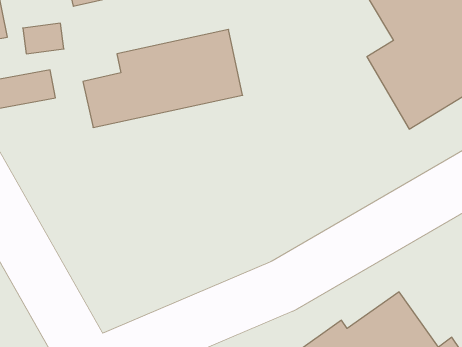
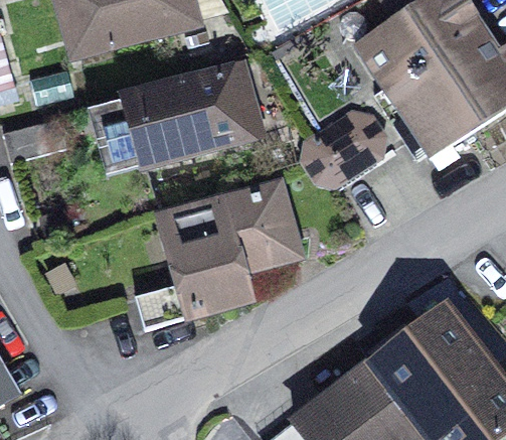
building: none -> [305,110,383,182]
building: none -> [139,187,297,326]

